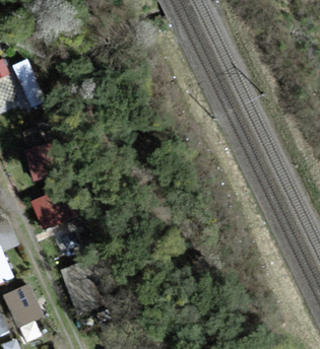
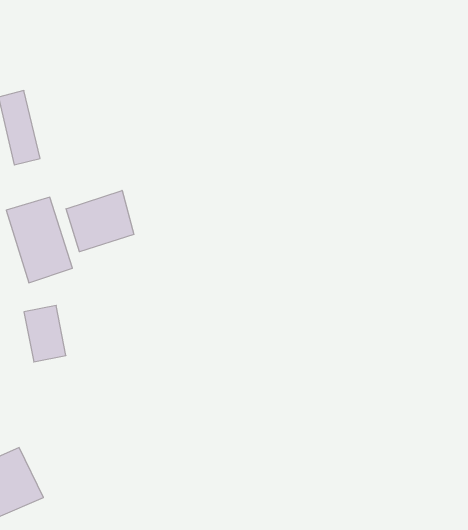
building: none -> [66,190,134,252]
building: [60,260,103,312] -> none

